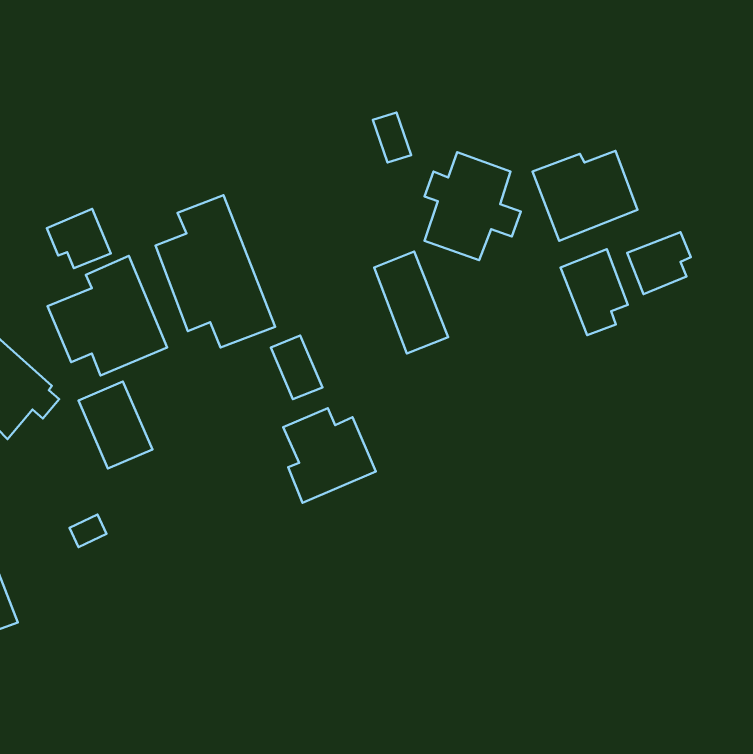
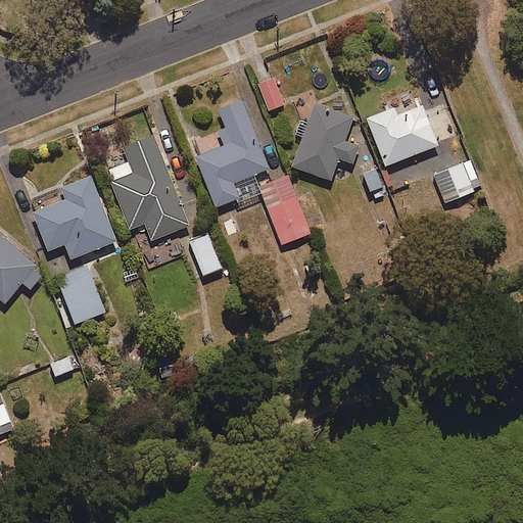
building: none -> [197,101,269,205]
building: [47,209,111,268] -> none
building: [560,249,628,335] -> none
building: [283,408,376,503] -> none

